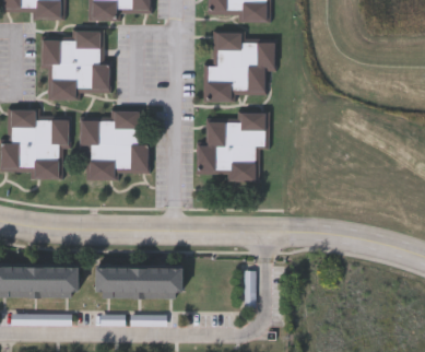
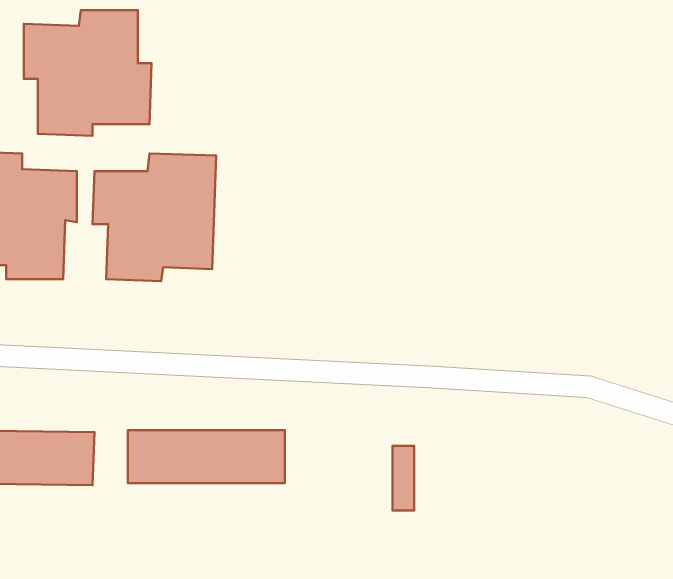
building: [203,33,275,102] -> none
building: [197,113,269,184] -> none

